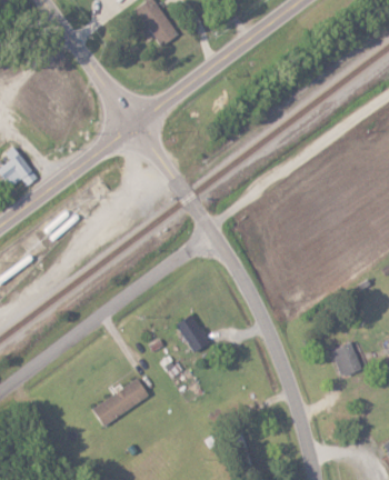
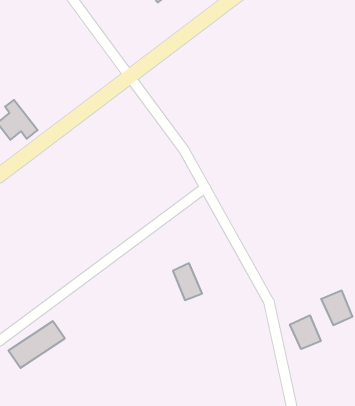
building: none -> [290,315,321,349]
building: [92,378,150,426] -> [8,321,65,368]

